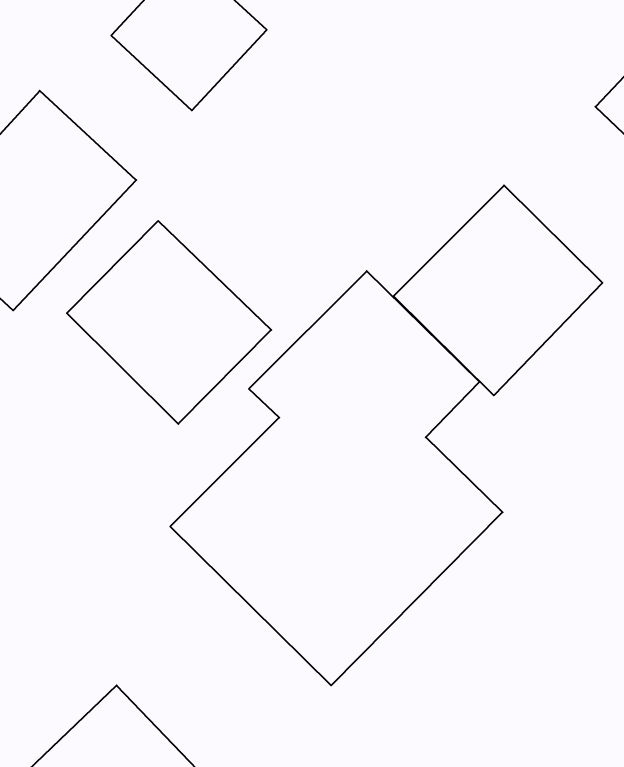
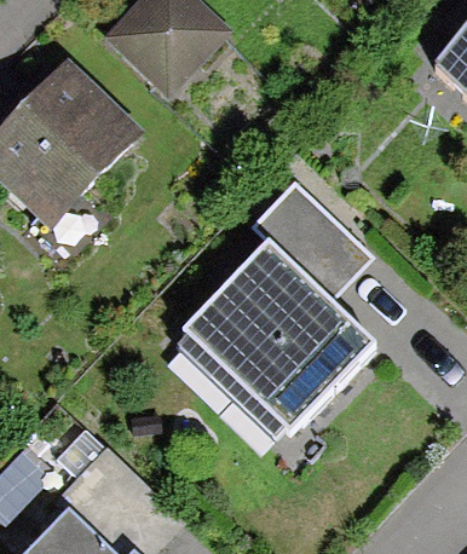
building: [393,185,602,395] -> none
building: [67,221,271,424] -> none

